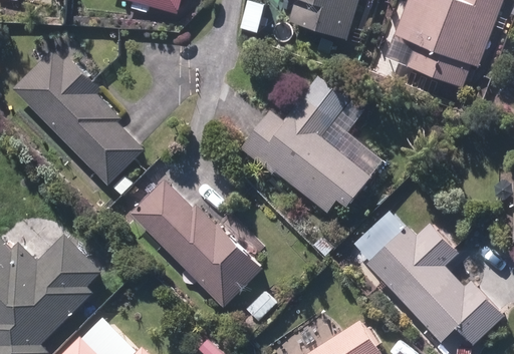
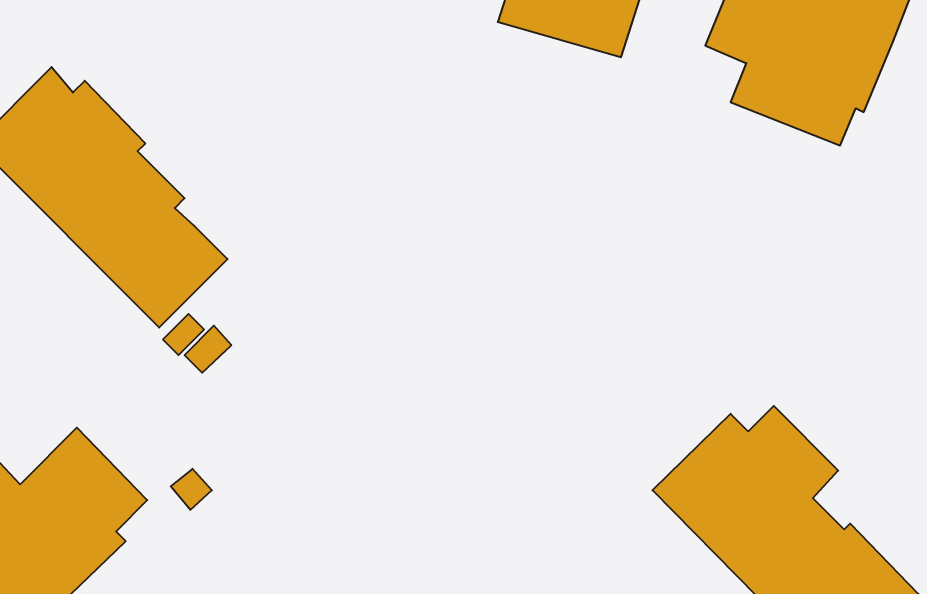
building: [235,76,369,218] -> none
building: [133,179,262,304] -> none

